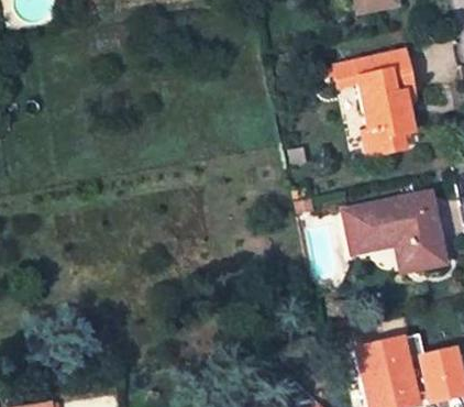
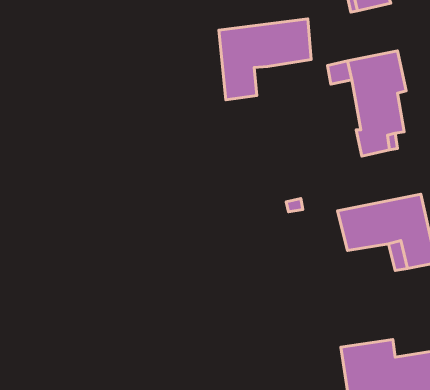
building: none -> [219,19,311,100]

